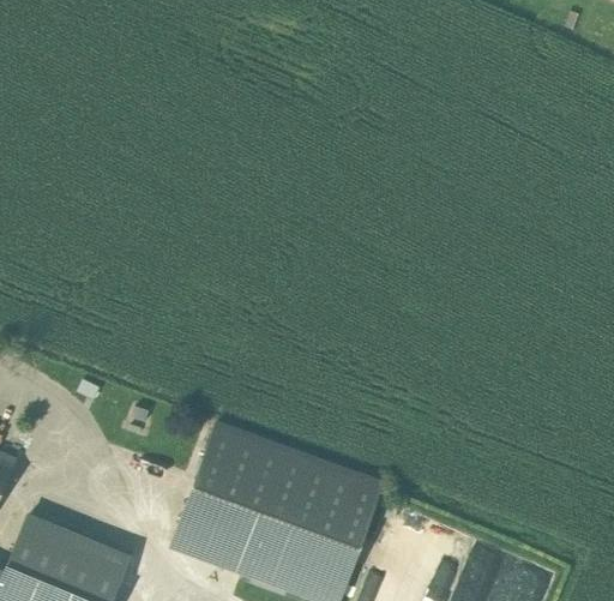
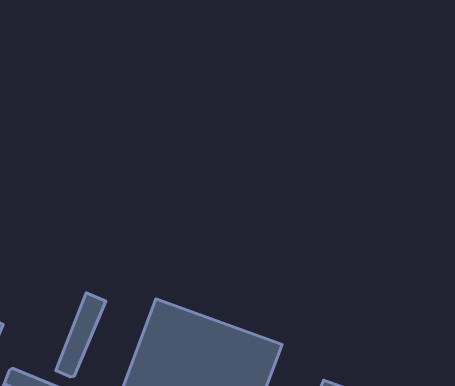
building: none -> [56,293,106,377]

